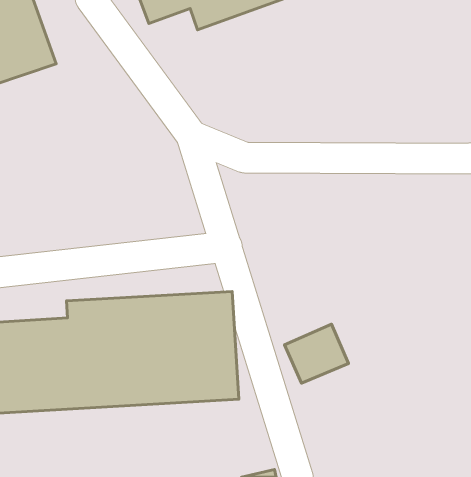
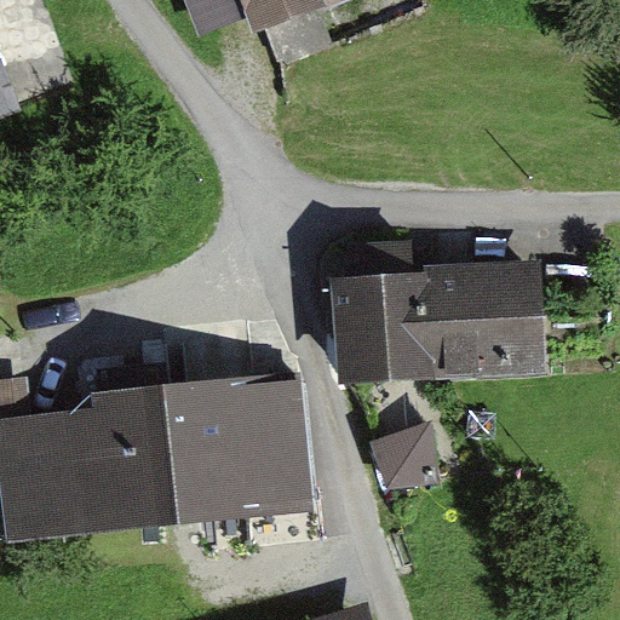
building: none -> [331,264,539,379]

